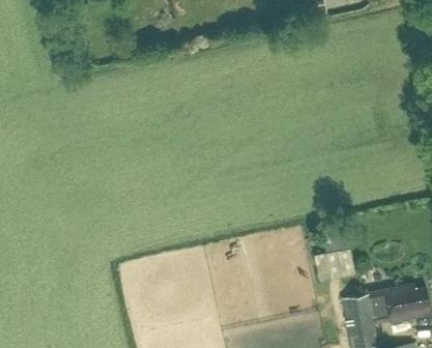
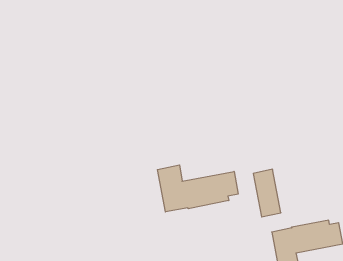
building: none -> [157,165,238,212]

